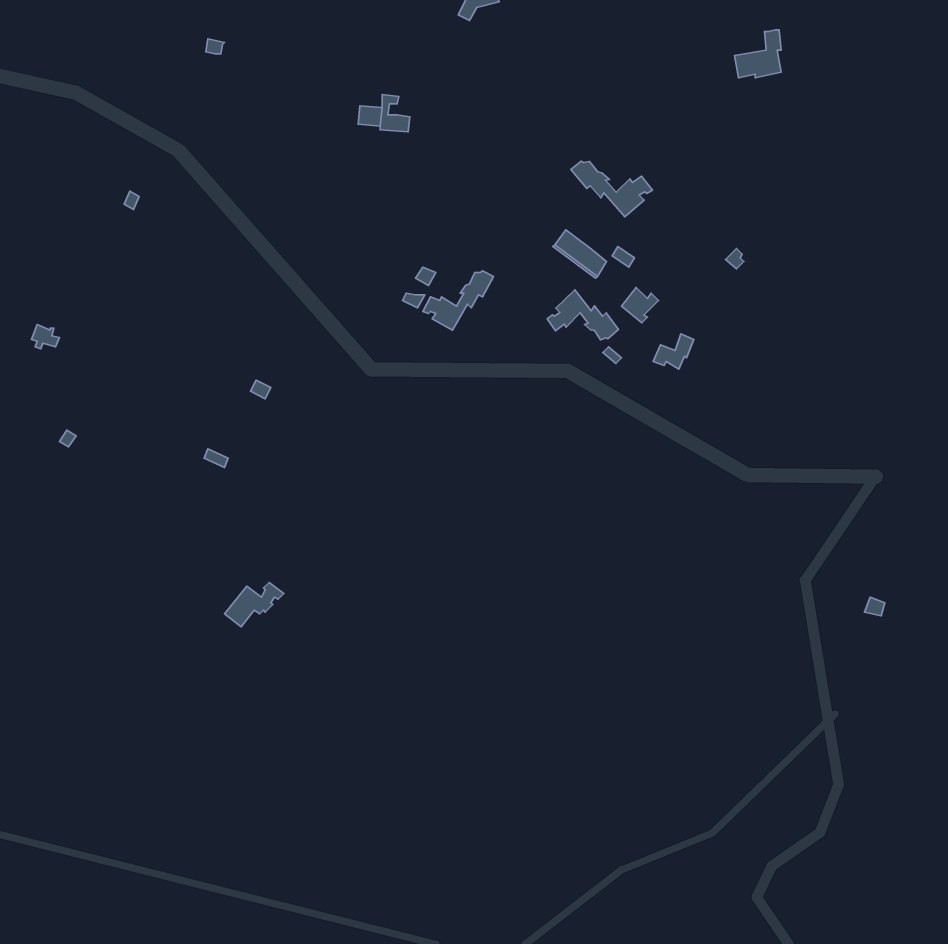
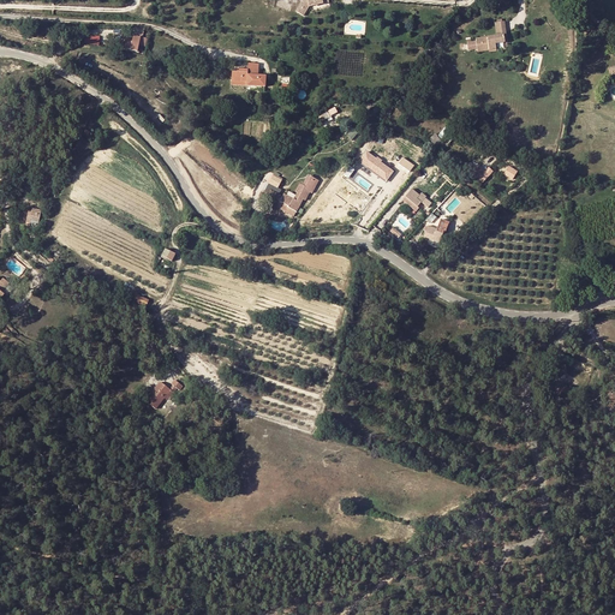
building: [571,161,652,217] -> none
building: [547,290,618,340] -> none

